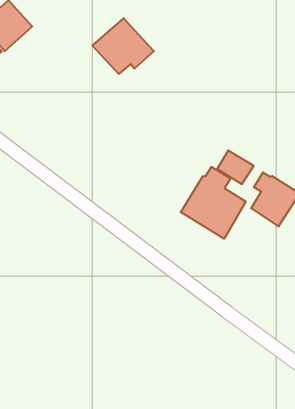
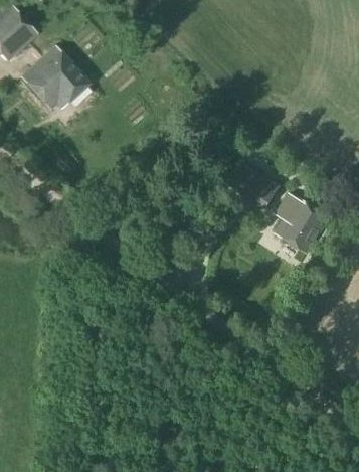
building: [92,18,154,74] -> [21,46,88,108]
building: [181,167,246,239] -> none

